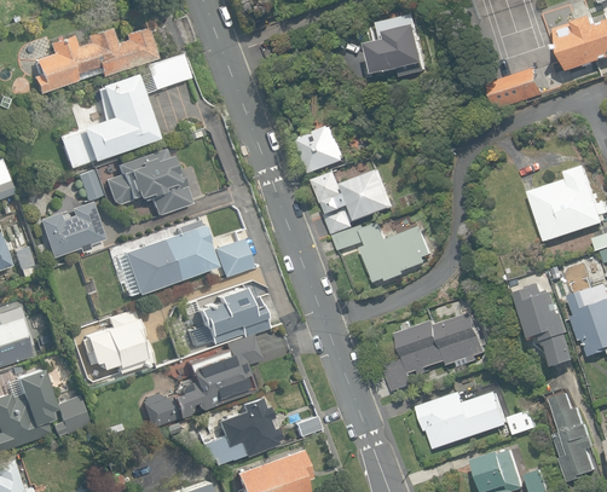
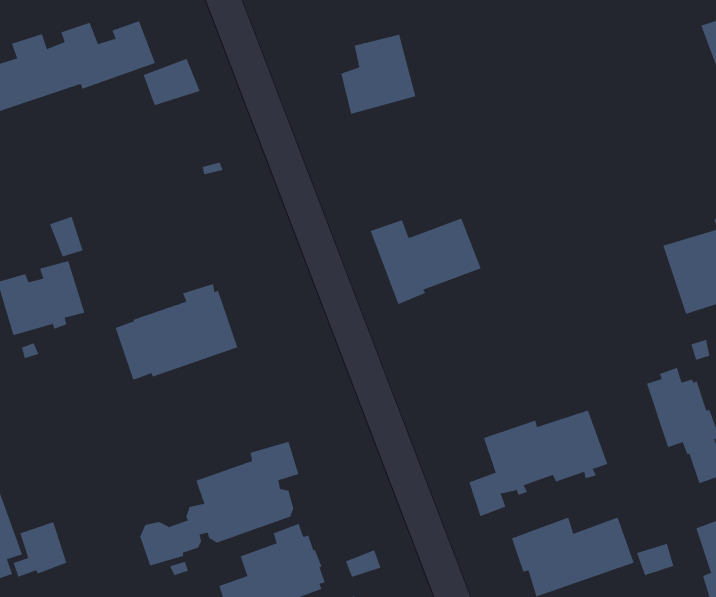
building: [370,16,426,75] -> [341,34,416,115]
building: [490,68,545,110] -> none
building: [59,74,156,168] -> none
building: [296,126,346,174] -> none
building: [104,149,190,215] -> none
building: [333,222,430,282] -> none
building: [213,238,249,277] -> none
building: [189,288,266,346] -> none
building: [80,308,151,372] -> none

